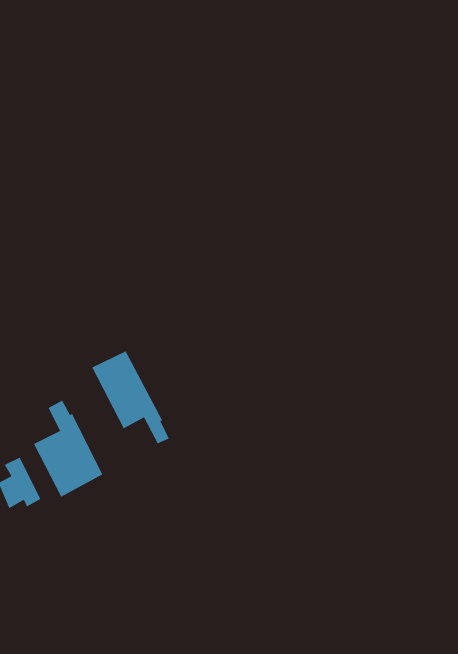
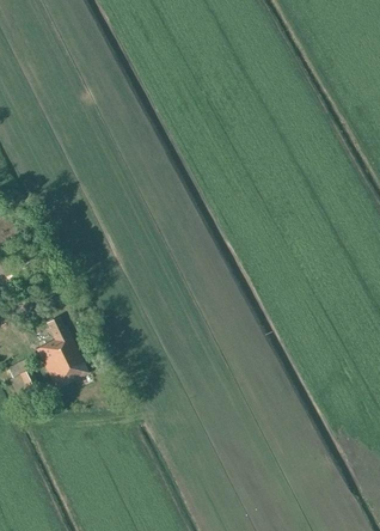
building: [91,351,170,444] -> none

